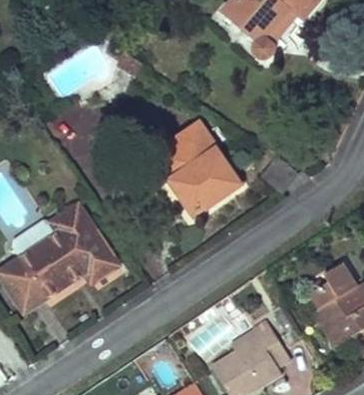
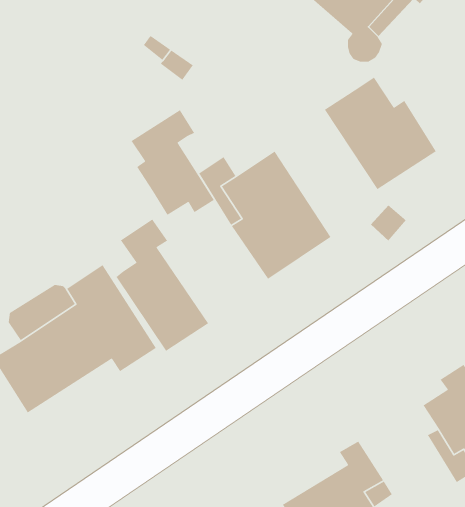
building: none -> [324,77,437,190]
building: none -> [131,109,215,216]
building: none -> [115,219,209,352]

